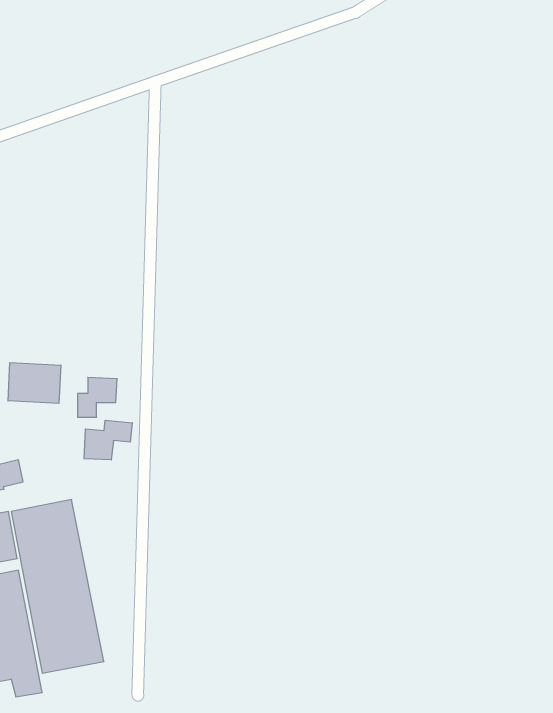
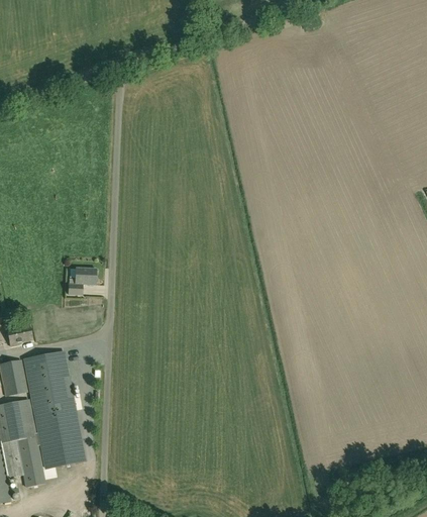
building: [8,363,61,403] -> none
building: [84,420,132,460] -> none

